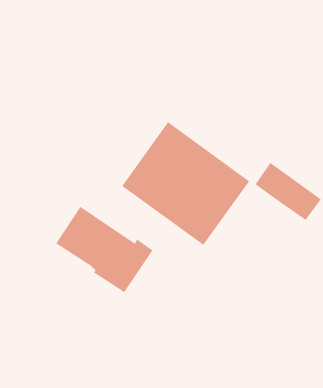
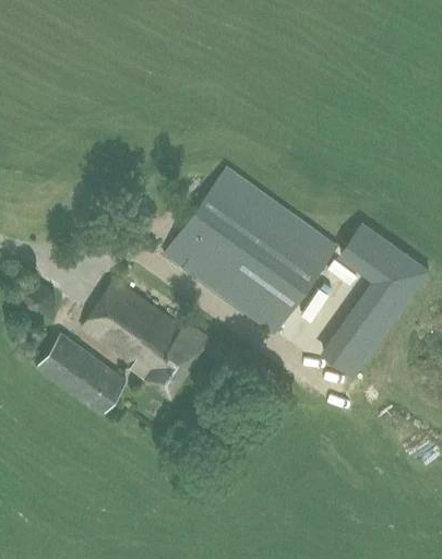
building: none -> [324,281,408,377]
building: none -> [37,334,127,415]

